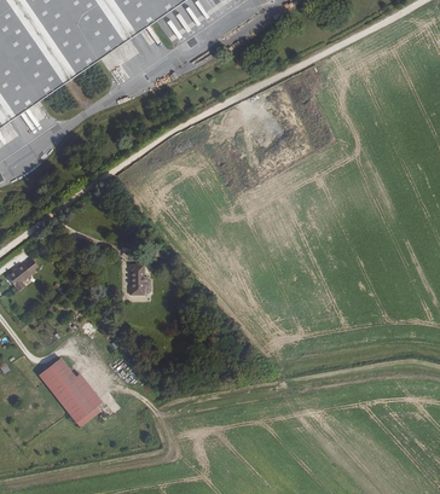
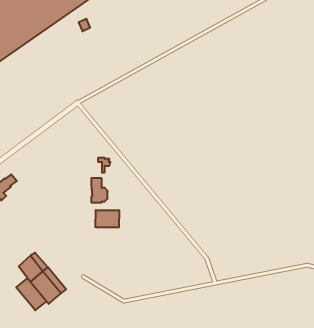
building: none -> [96,210,119,227]
building: none -> [16,278,46,310]

